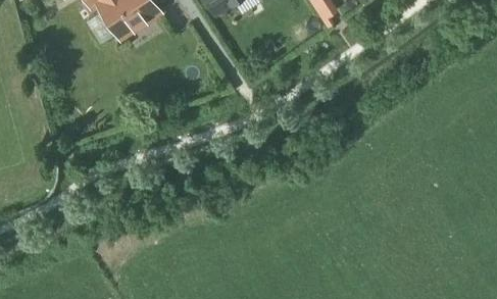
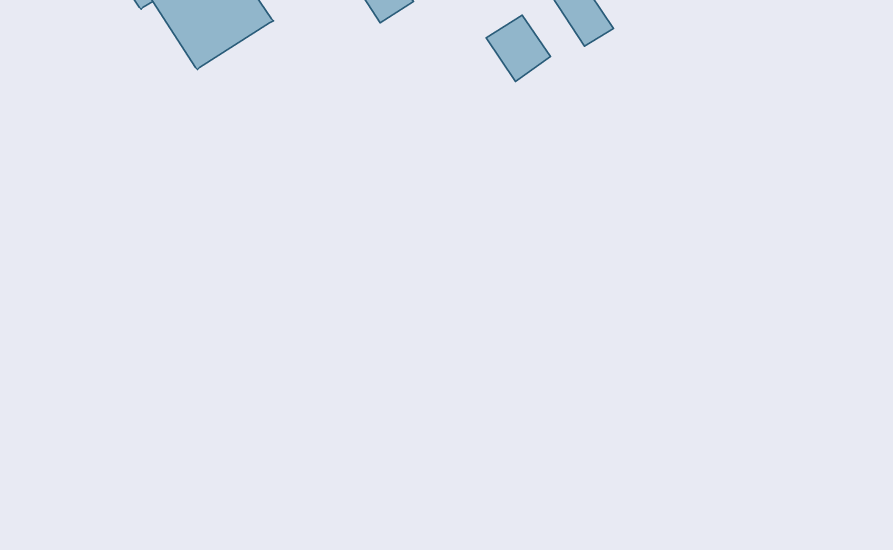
building: none -> [486,15,551,82]

